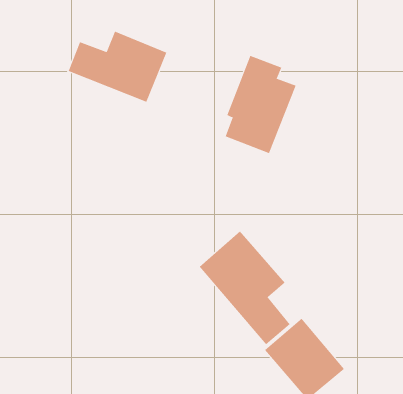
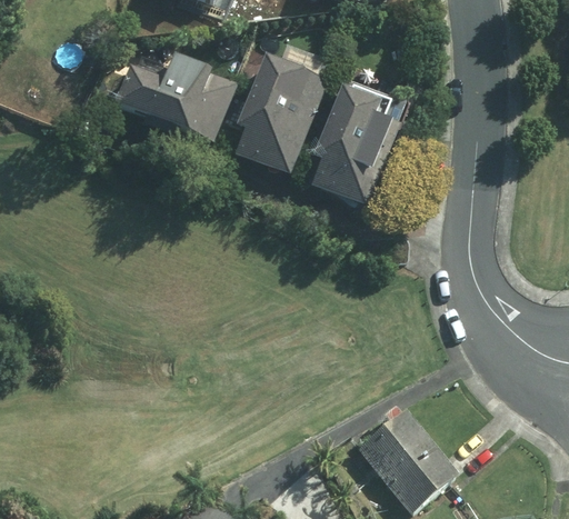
building: none -> [236,53,329,174]
building: [199,230,291,345] -> none

